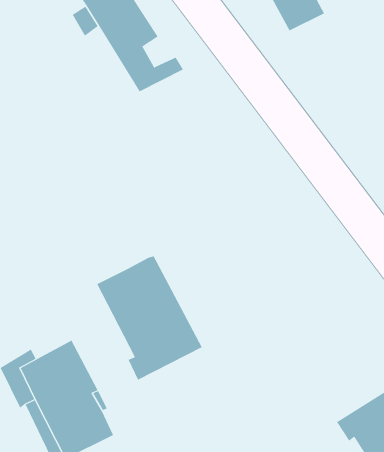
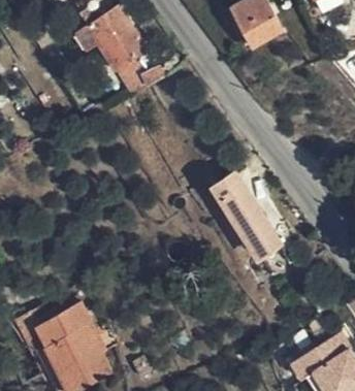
building: none -> [215,172,281,258]
building: [97,256,203,380] -> none

